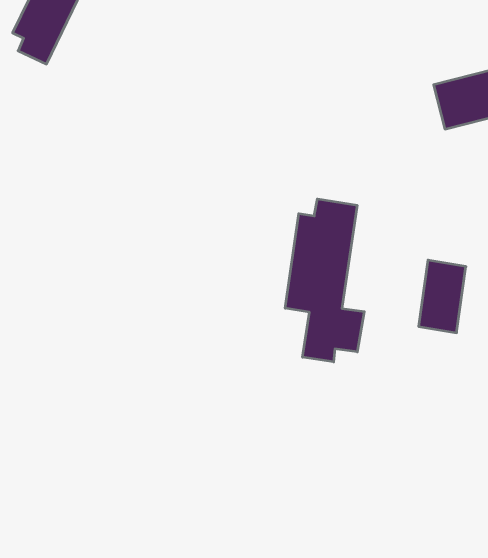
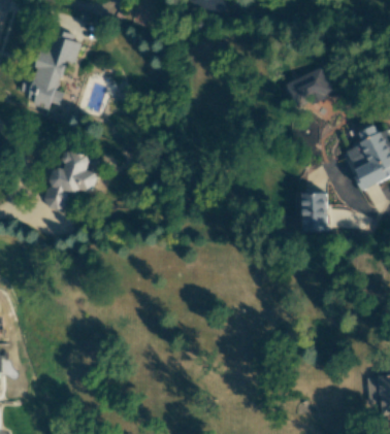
building: none -> [44,149,99,210]
building: [285,199,364,362] -> none

